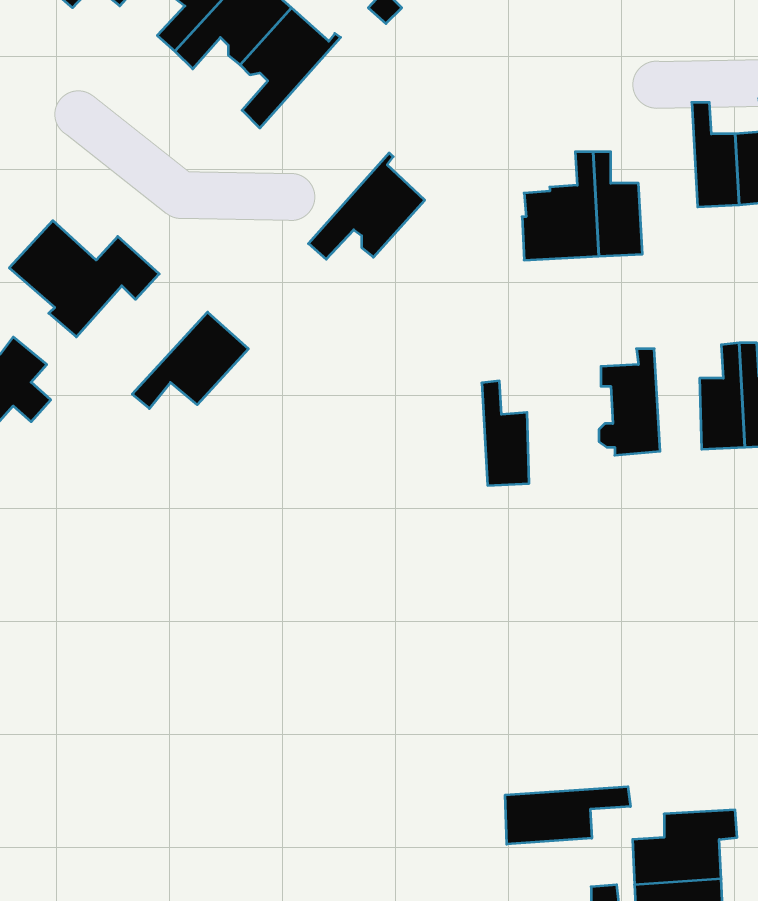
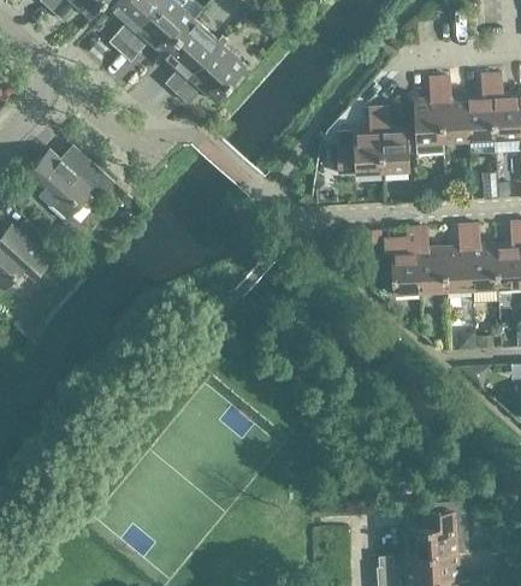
building: none -> [413,77,443,154]
building: [308,153,425,259] -> [176,37,247,102]
building: [132,312,248,409] -> none
building: [482,381,529,485] -> [416,226,445,290]
building: [505,787,630,844] -> none

